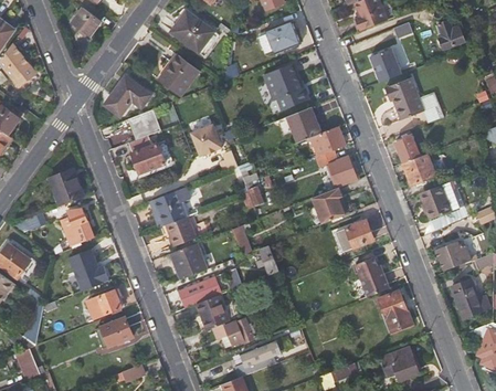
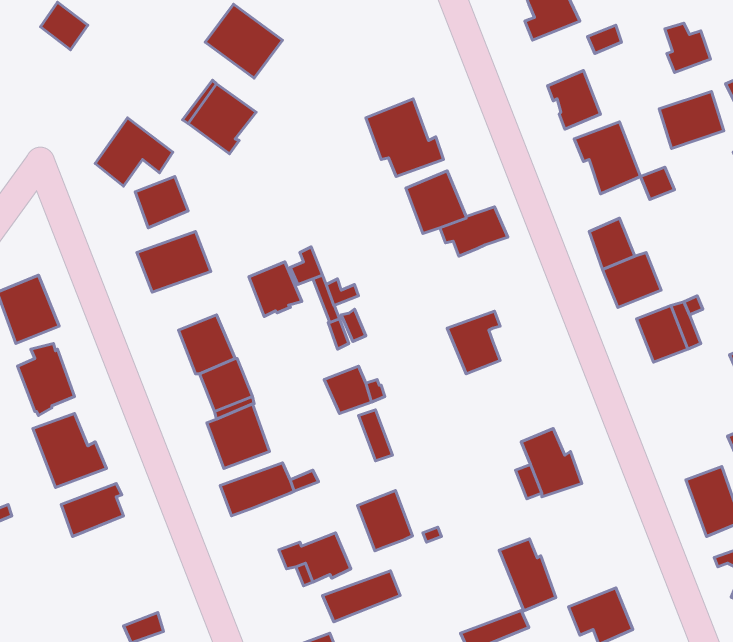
building: [257,21,299,53] -> none
building: none -> [659,92,724,148]
building: [191,125,222,157] -> [249,262,302,317]
building: [315,149,358,186] -> none
building: [335,220,373,251] -> none
building: [436,241,471,271] -> none
building: [378,290,411,332] -> [499,539,556,611]
building: [197,294,229,329] -> [358,490,413,551]
building: [101,316,133,346] -> none

